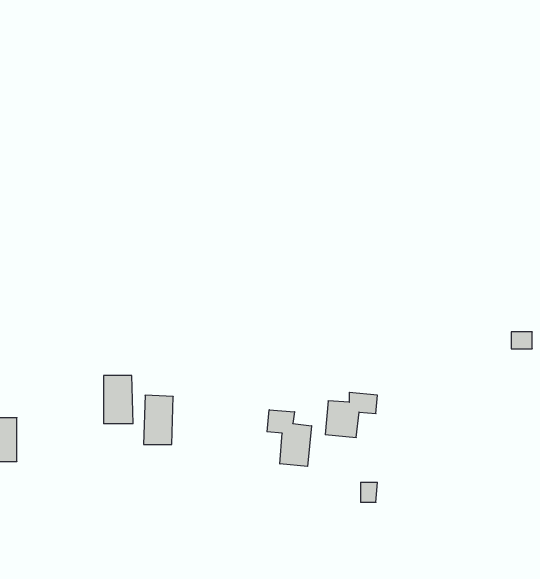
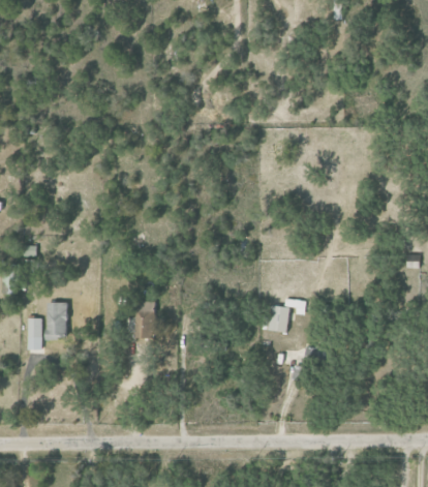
building: [104,376,133,424] -> [47,303,68,338]
building: [267,410,312,466] -> none

